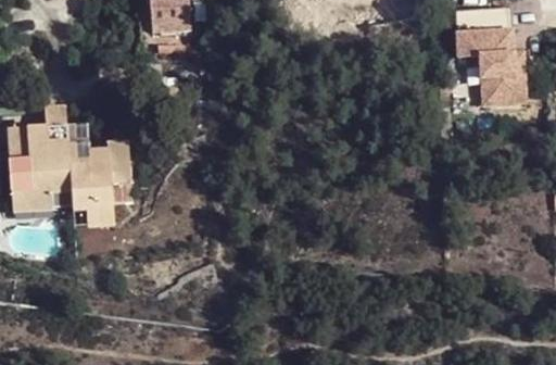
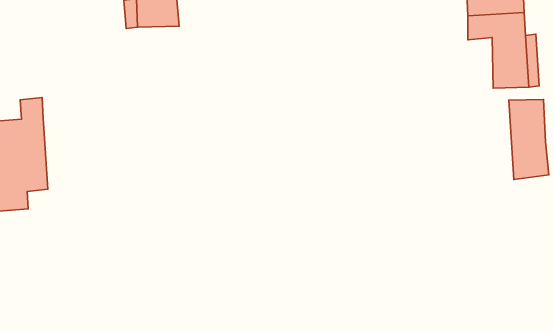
building: none -> [509,100,549,180]
building: [63,126,129,230] -> none

